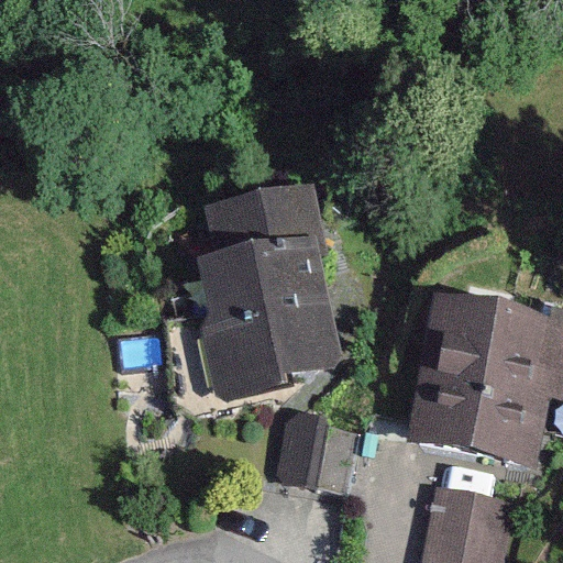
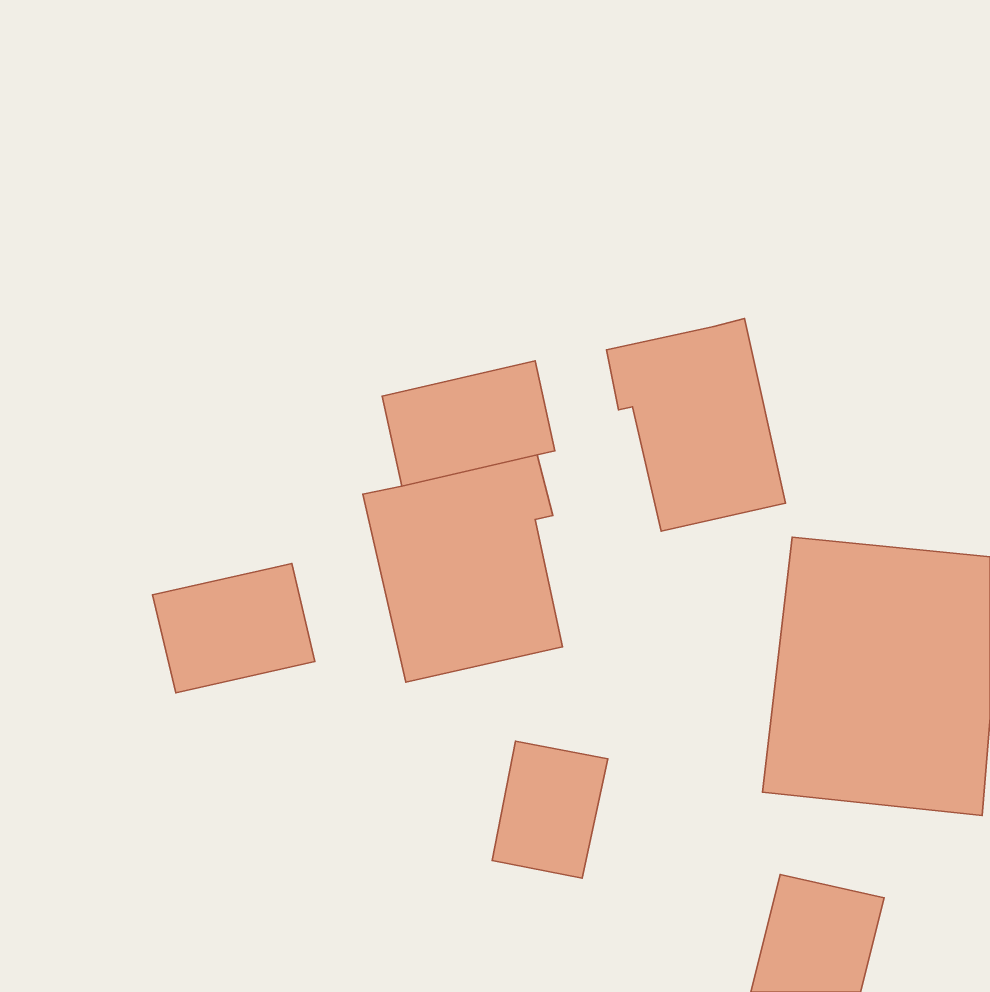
building: none -> [606,319,785,531]
building: none -> [153,563,315,693]

